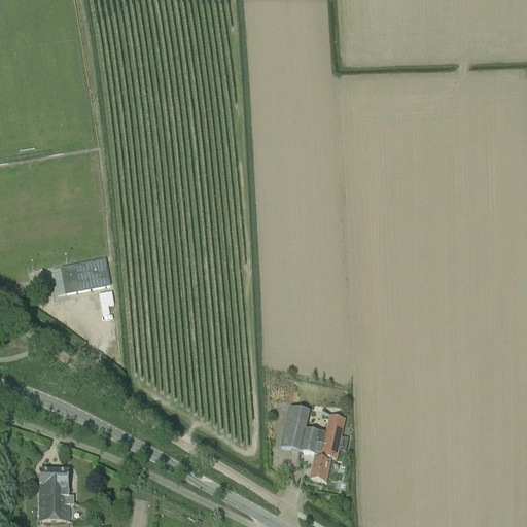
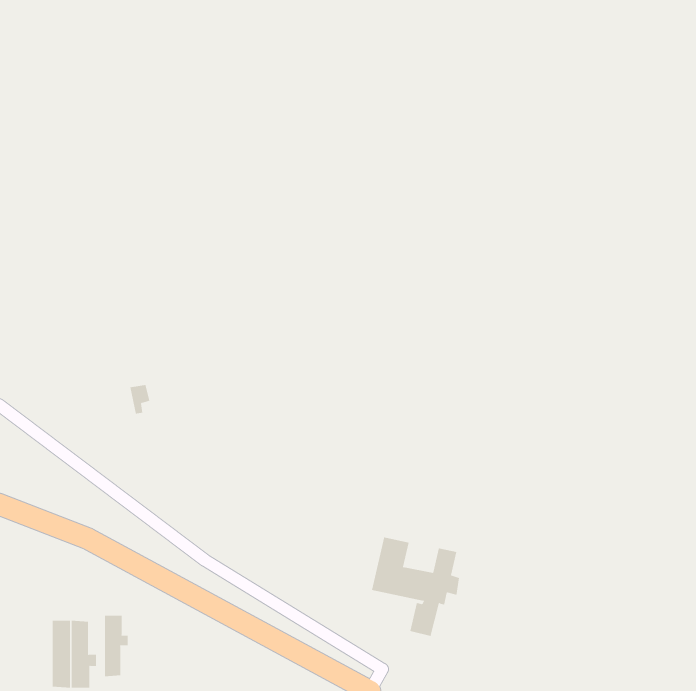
building: [63,258,108,291] -> none
building: none -> [105,615,128,677]

